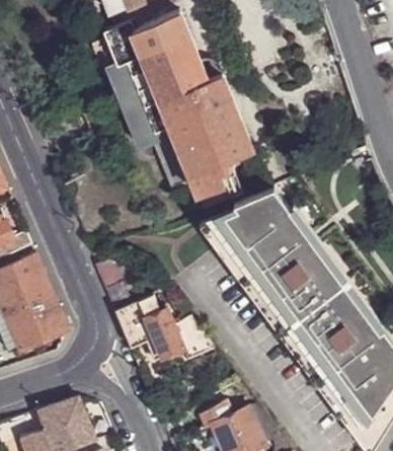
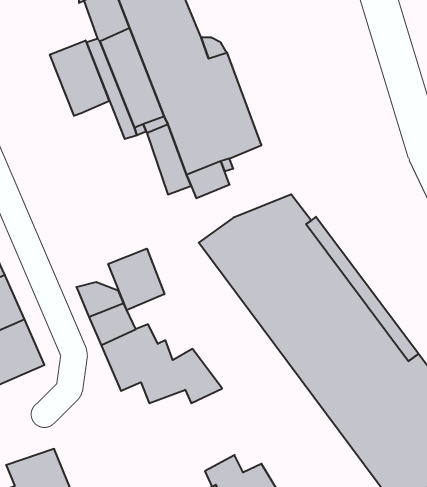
building: none -> [50,40,109,116]
building: none -> [108,249,164,310]

